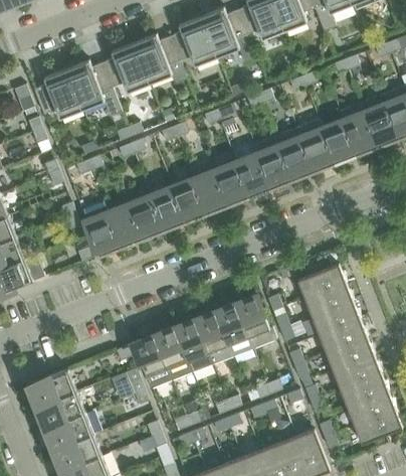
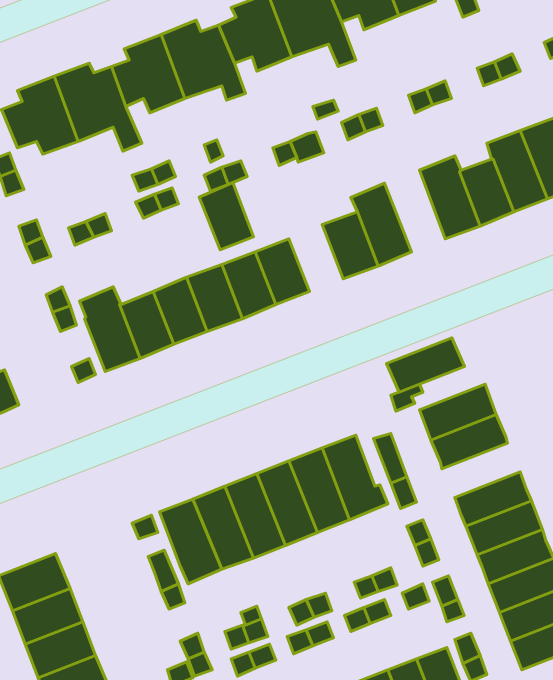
building: [273,128,312,179] -> none
building: [213,162,247,204] -> [199,183,254,250]
building: [310,300,359,334] -> [386,338,465,392]

